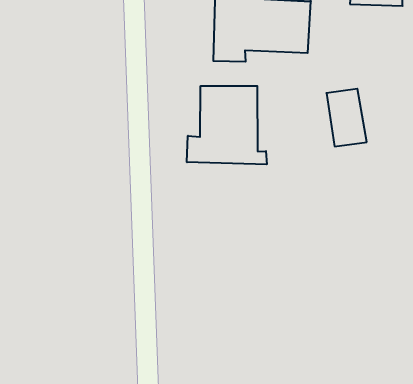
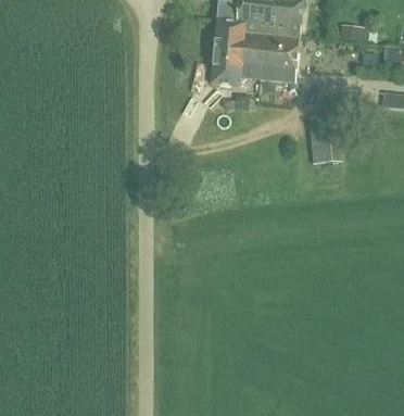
building: [187,86,267,164] -> none

